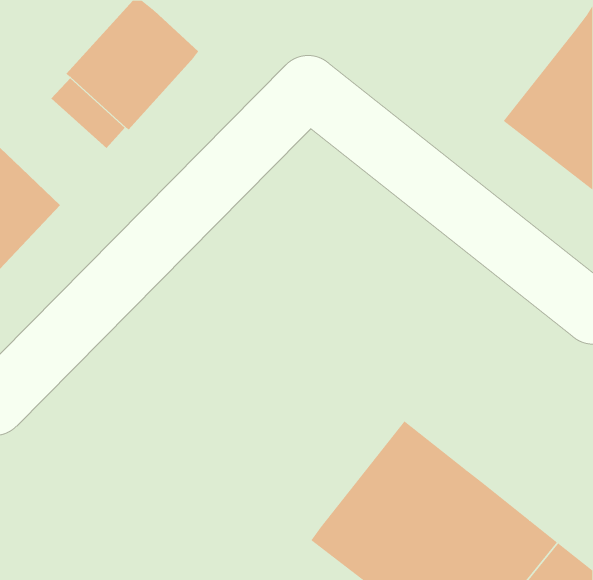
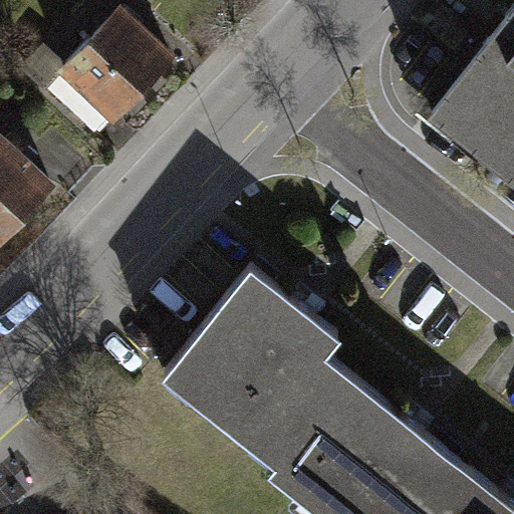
building: none -> [164,273,346,468]

